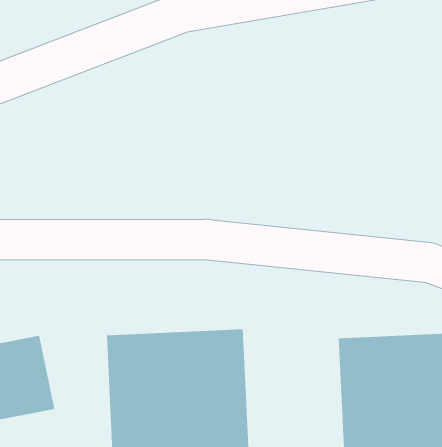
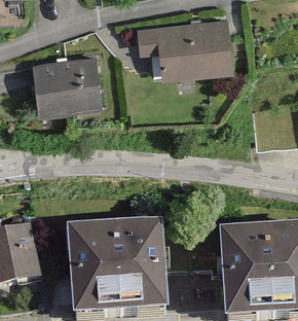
building: none -> [138,24,229,77]
building: none -> [34,61,100,116]

